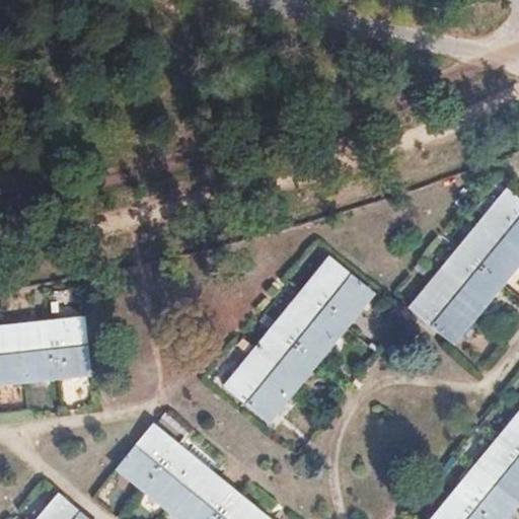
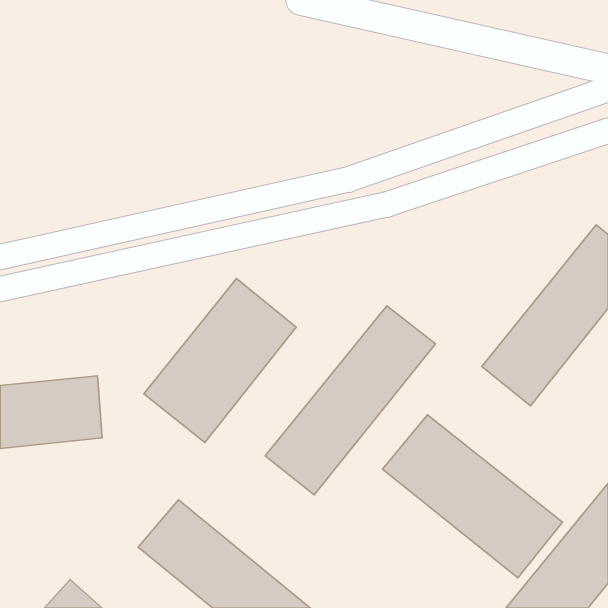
building: none -> [144,278,296,443]
building: none -> [383,415,562,578]

